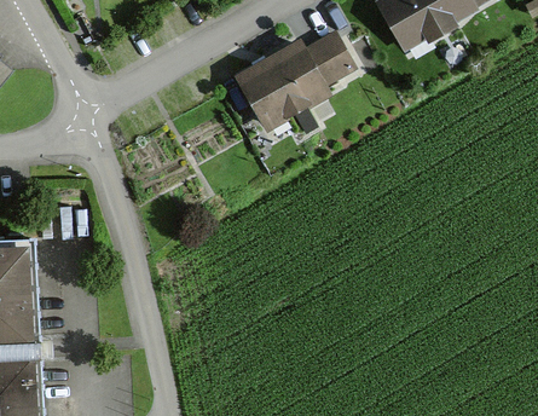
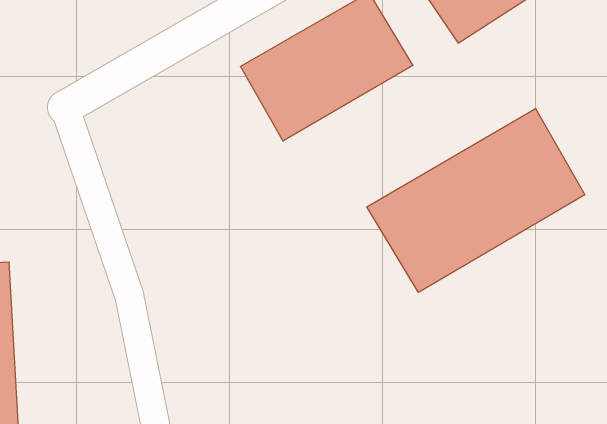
building: none -> [367,108,585,292]

